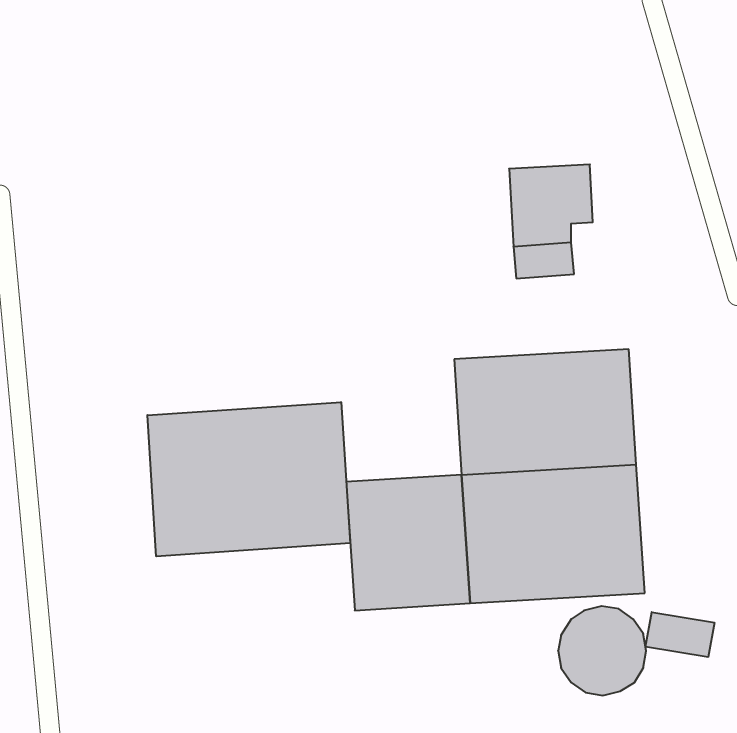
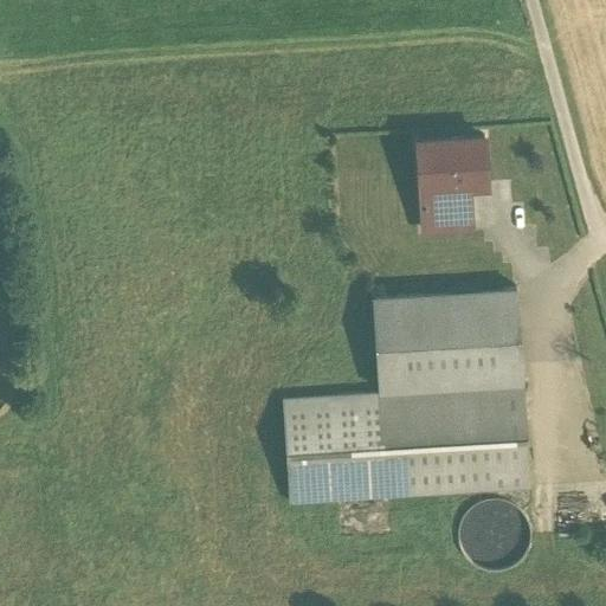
building: [147,402,350,556] -> none
building: [645,612,714,657] -> none

